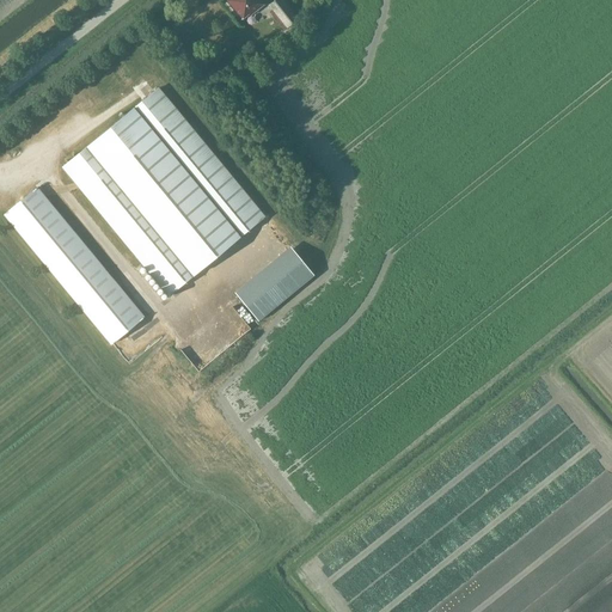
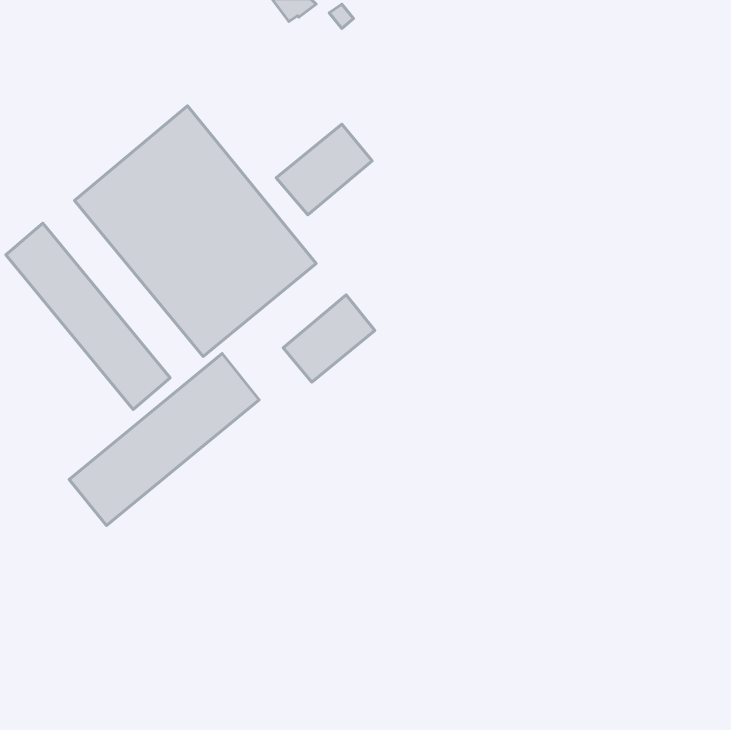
building: none -> [276,124,372,215]
building: none -> [69,354,259,526]

